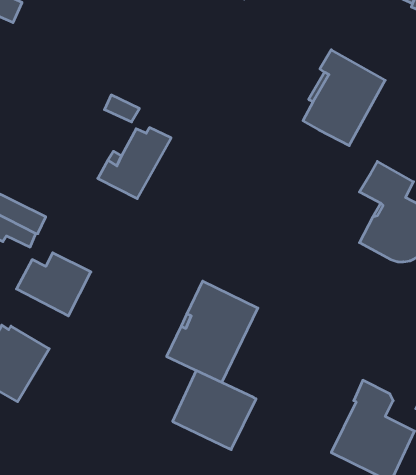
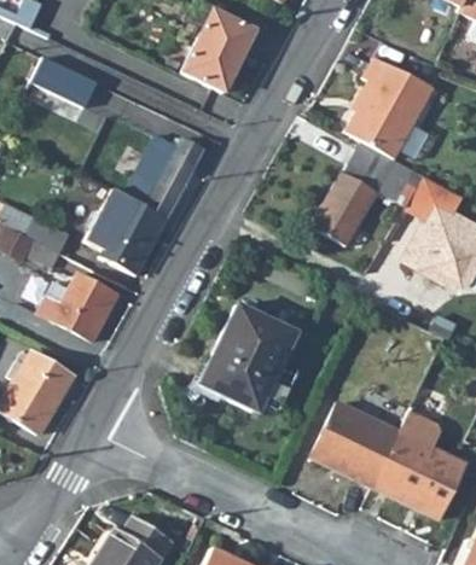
building: none -> [181,10,255,93]
building: none -> [28,56,100,118]
building: none -> [312,142,424,246]
building: none -> [85,188,167,274]
building: [173,371,256,450] -> [312,403,401,488]

